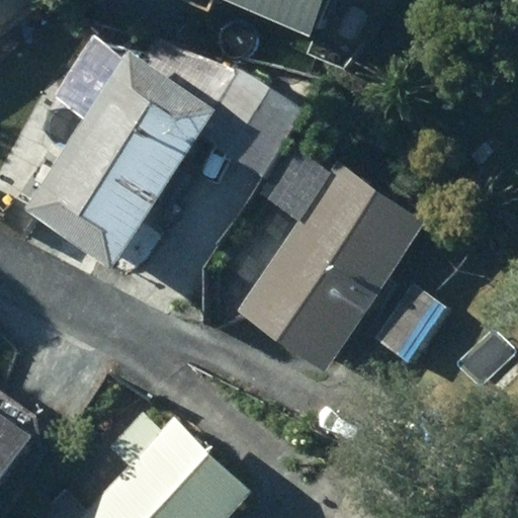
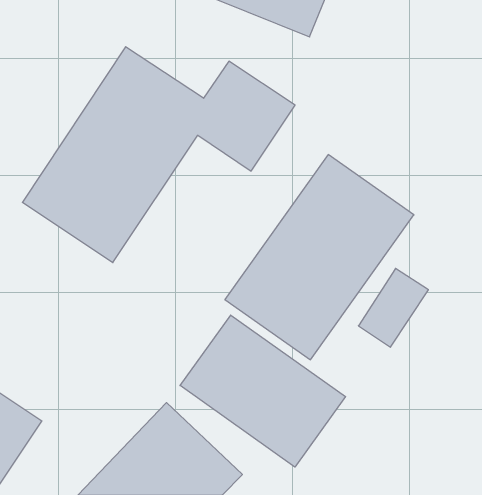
building: none -> [180,315,346,467]

